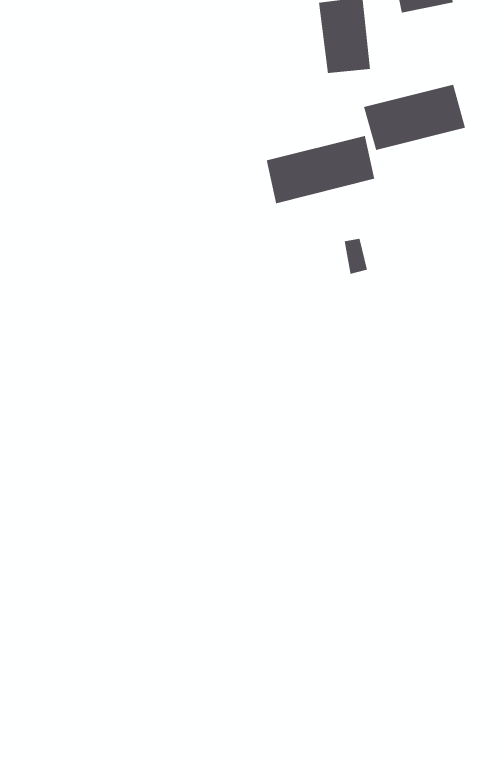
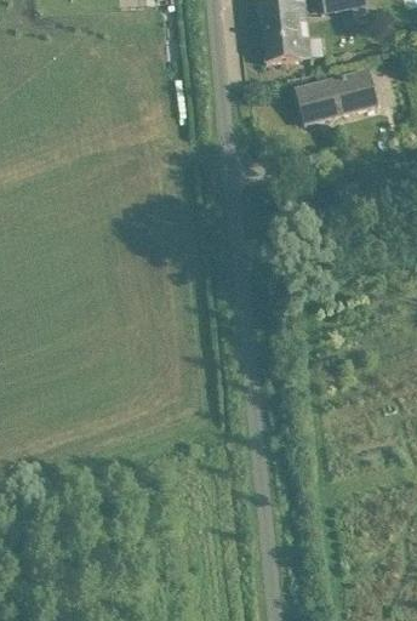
building: [266,135,375,204] -> none

